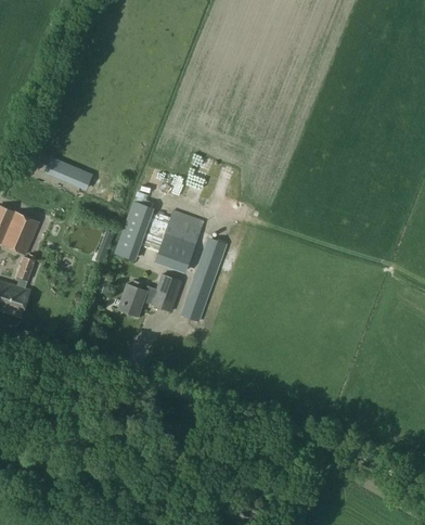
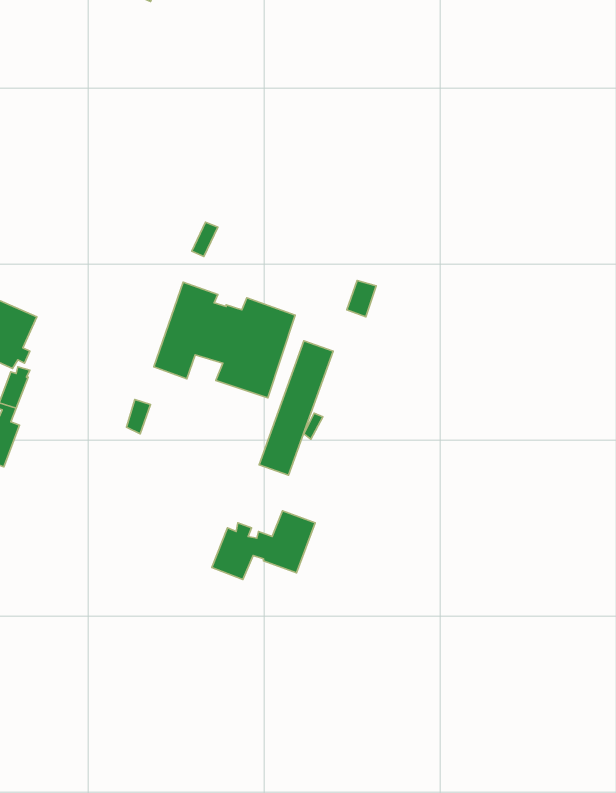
building: [42,156,92,191] -> none
building: [117,273,182,317] -> [212,511,315,580]

